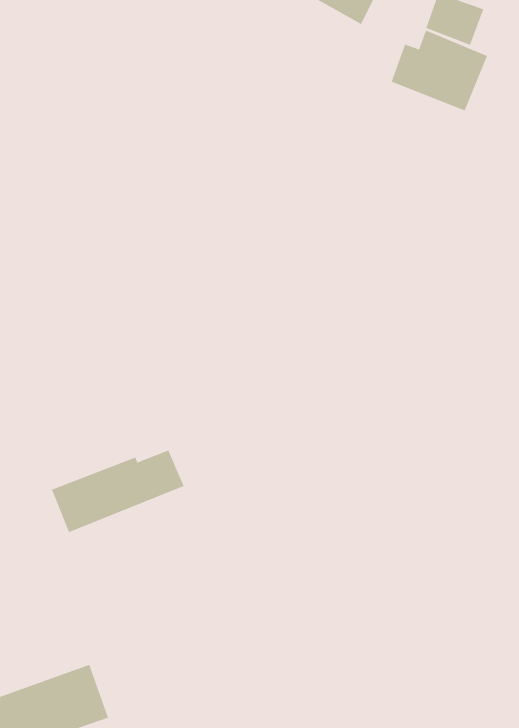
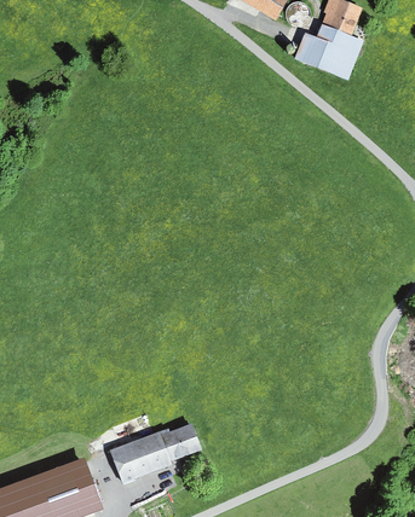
building: [51,450,184,533] -> [110,422,203,480]

